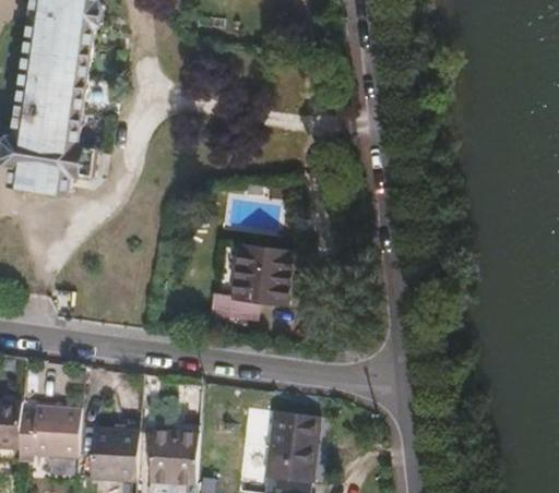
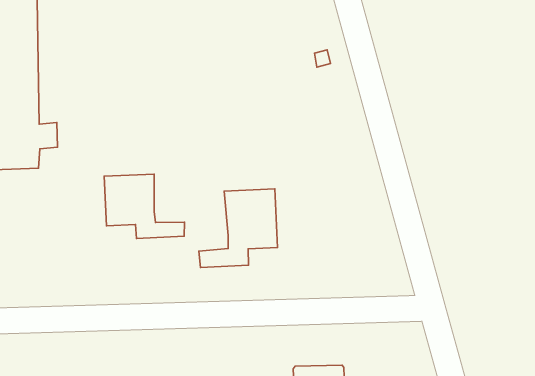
building: none -> [104,174,184,238]

